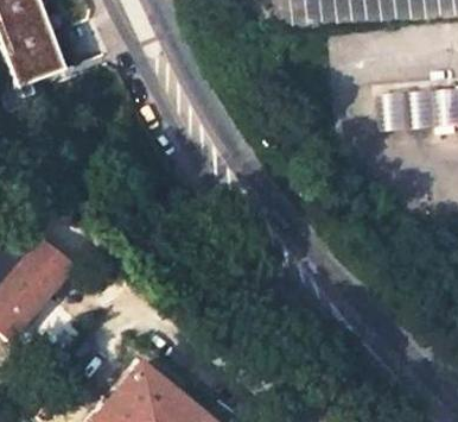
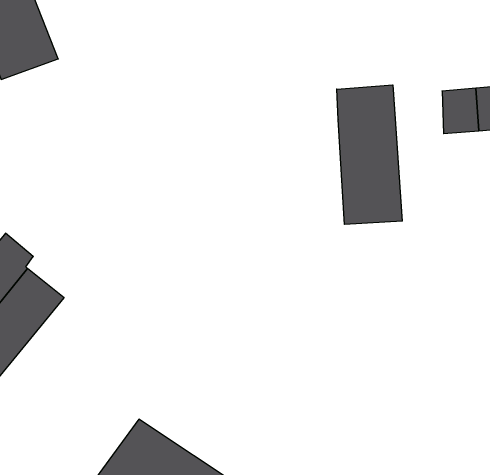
building: none -> [337,85,402,224]

